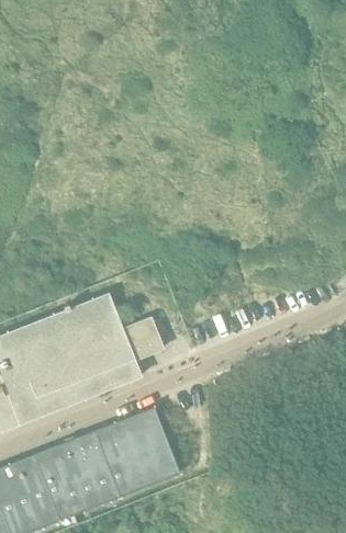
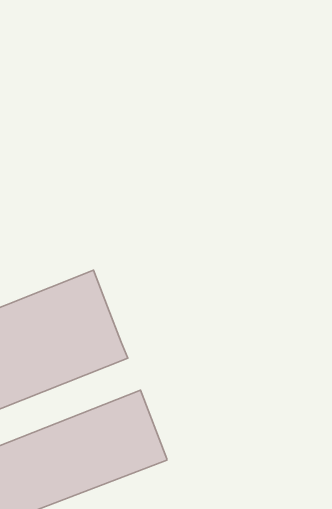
building: [124,316,166,361] -> none

